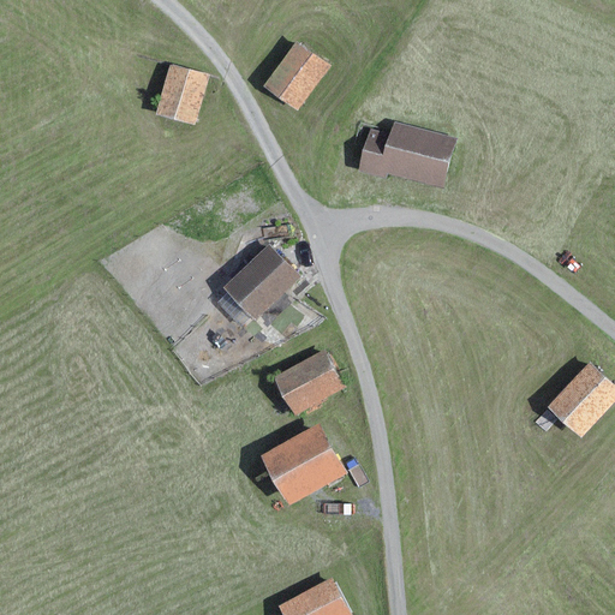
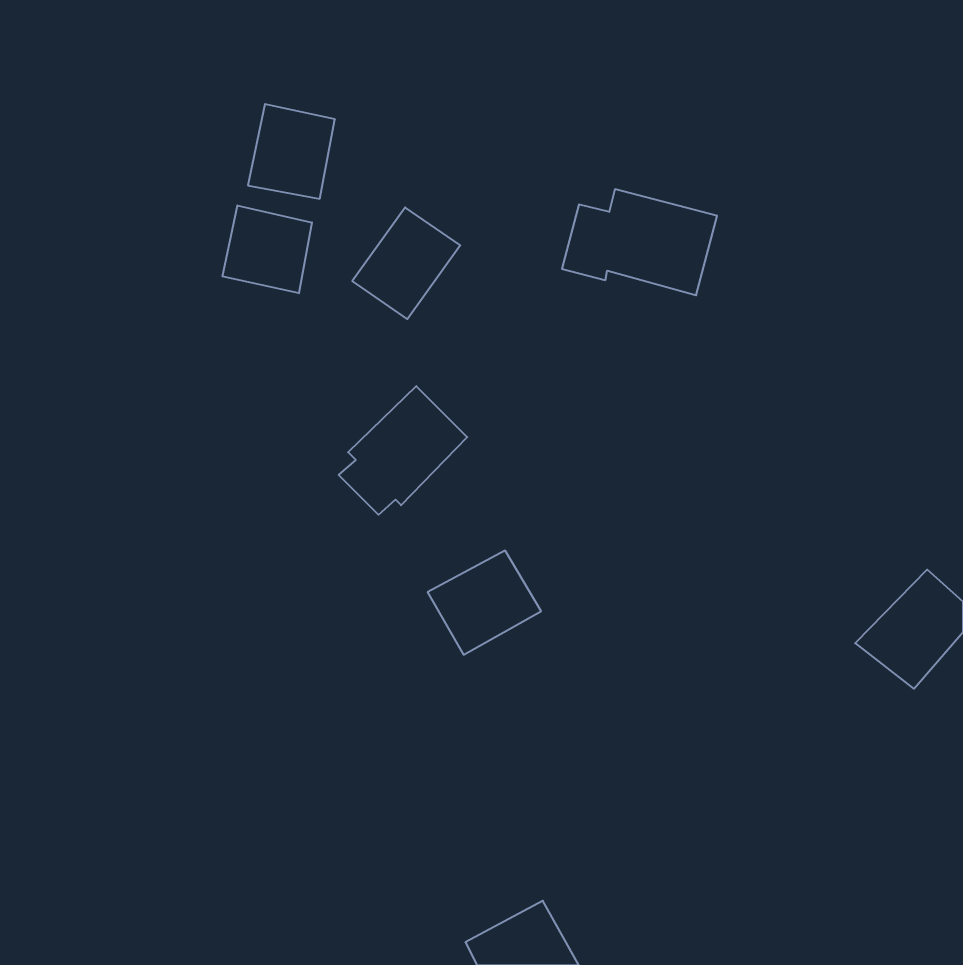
building: [261,41,329,112] -> [352,207,460,319]
building: none -> [222,205,312,293]
building: [258,424,345,504] -> none

